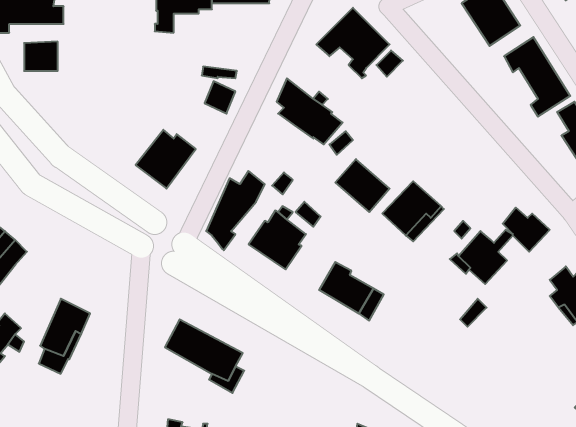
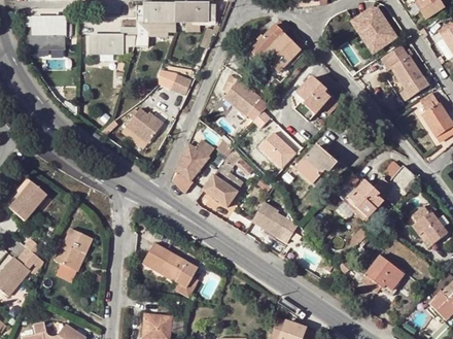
building: none -> [91,26,138,54]
building: none -> [294,75,344,121]
building: none -> [362,256,405,293]

